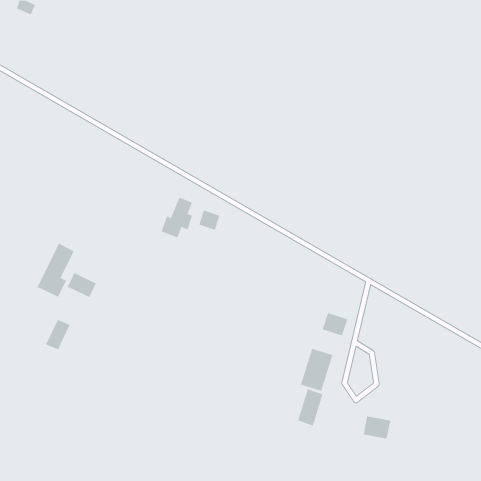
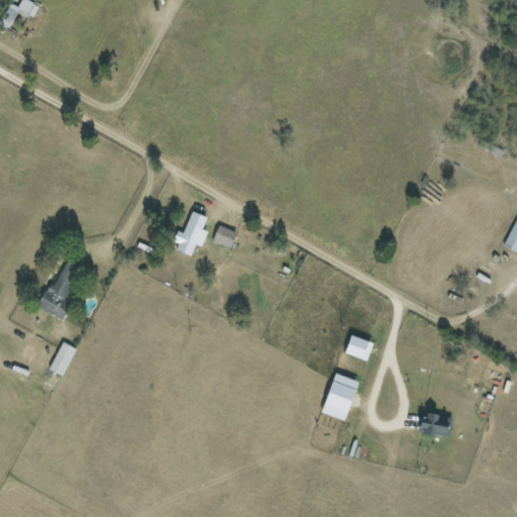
building: [67,272,96,298] -> none
building: [298,388,323,427] -> none
building: [363,416,391,439] -> [421,412,451,437]

